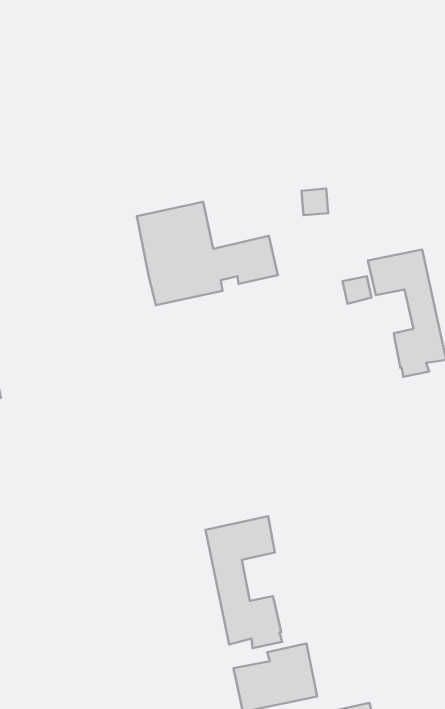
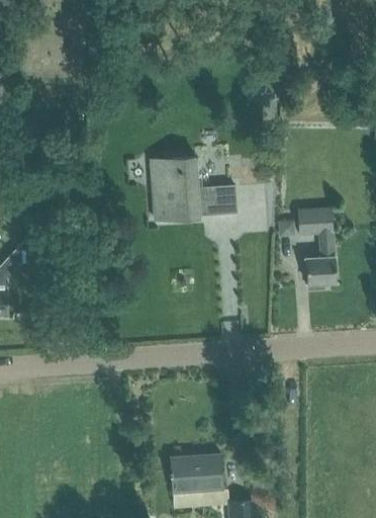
building: [205,516,282,648] -> none

